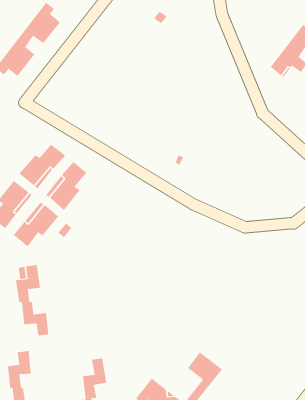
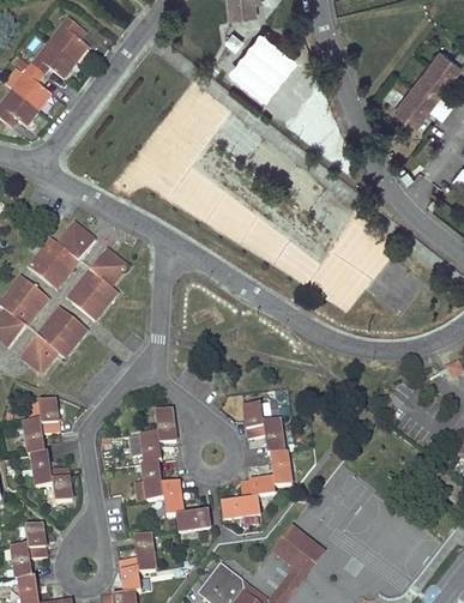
building: none -> [235,34,293,92]
building: none -> [221,402,291,518]
building: none -> [129,409,210,531]

